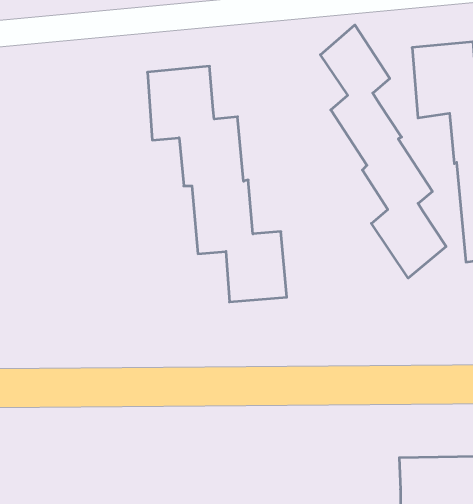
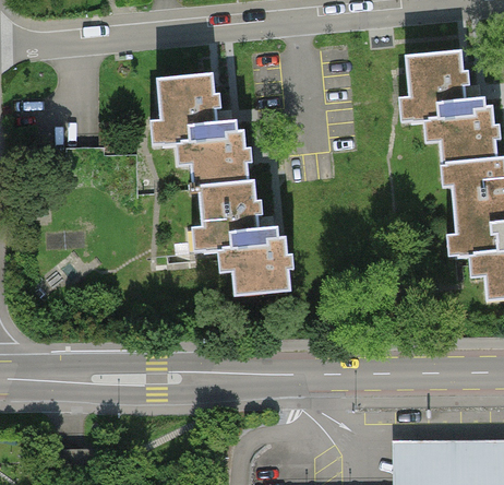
building: [320,25,446,278] -> none

